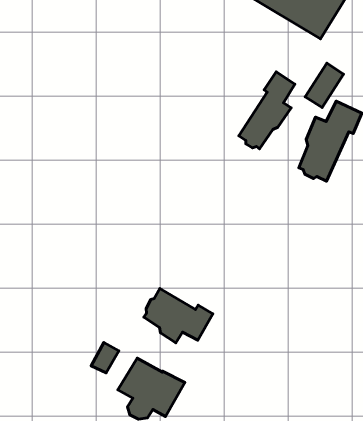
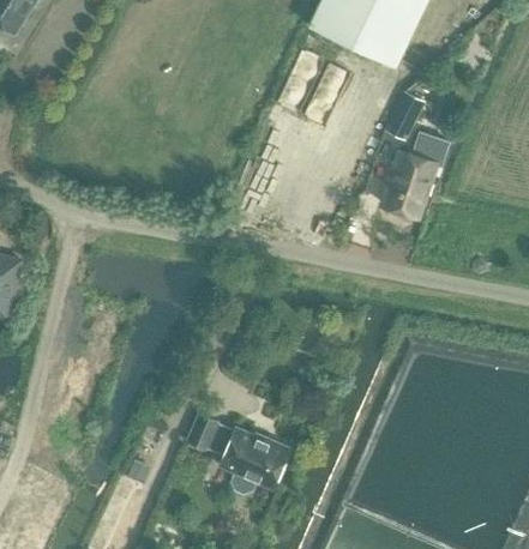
building: [239,72,295,149] -> none
building: [144,289,213,343] -> none

